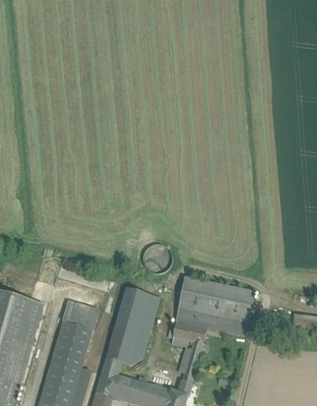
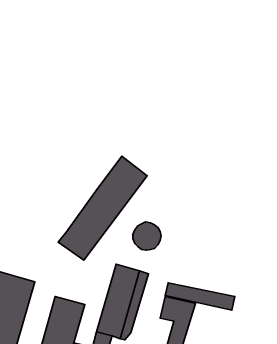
building: none -> [58,156,147,260]
building: [179,277,254,321] -> none
building: [62,301,98,329] -> none

